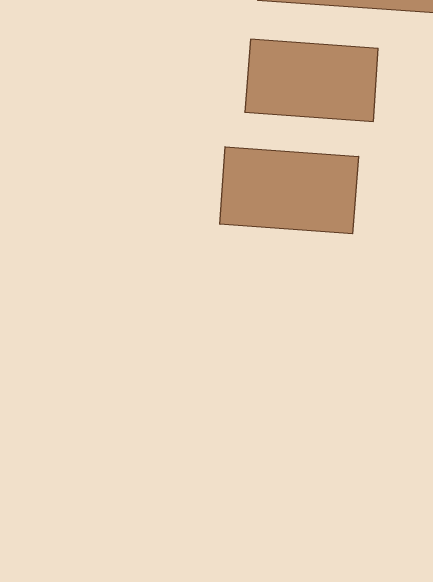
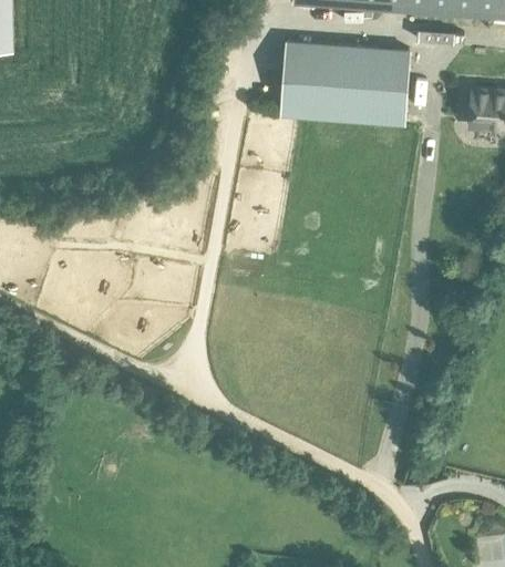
building: [220,147,359,234] -> none

